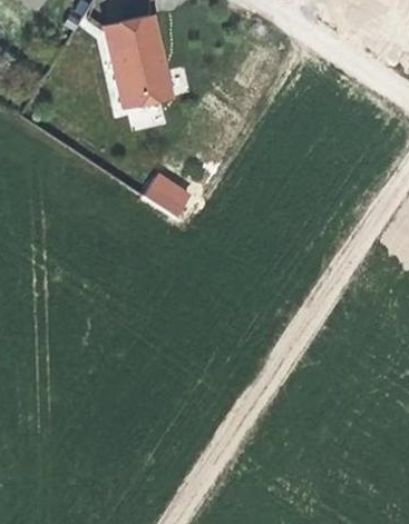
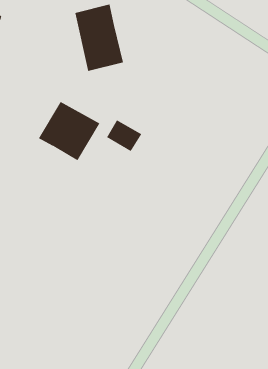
building: none -> [38,101,100,161]

